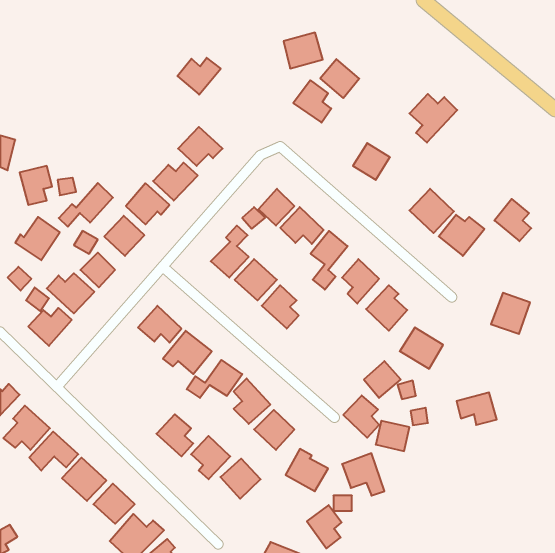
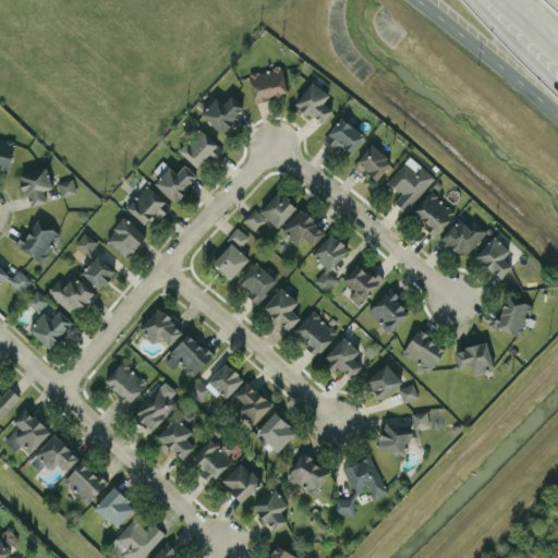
building: [284,33,323,68] -> [248,66,288,102]
building: [177,58,221,95] -> [201,96,244,133]
building: [320,59,359,98] -> [325,118,364,157]
building: [409,94,457,143] -> [387,162,435,211]
building: [59,183,113,227] -> none
building: [494,199,531,241] -> [475,236,512,279]
building: none -> [292,311,337,356]
building: none -> [104,361,147,405]
building: none -> [131,386,178,433]
building: [457,392,497,425] -> [453,342,494,375]
building: [343,395,379,438] -> [325,337,361,379]
building: [307,505,342,548] -> [253,488,288,532]

